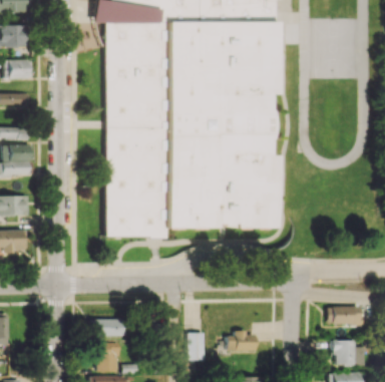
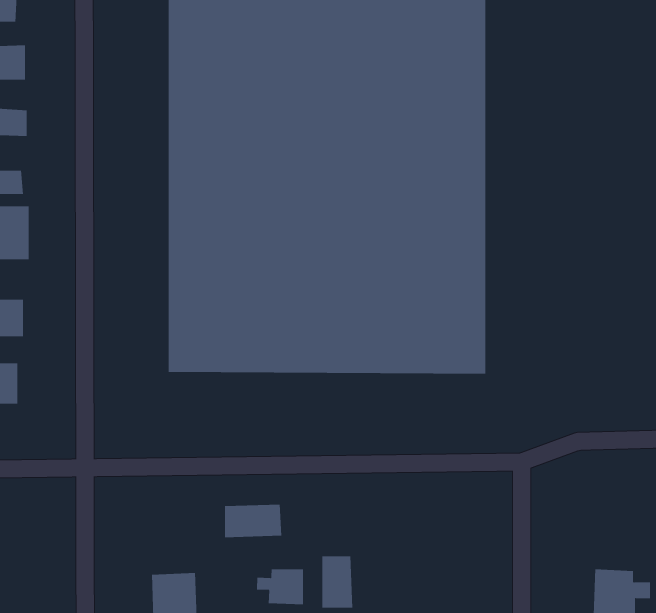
building: [325,307,358,324] -> none
building: [92,319,123,337] -> [224,504,282,538]
building: [225,331,255,351] -> none
building: none -> [256,568,304,605]

